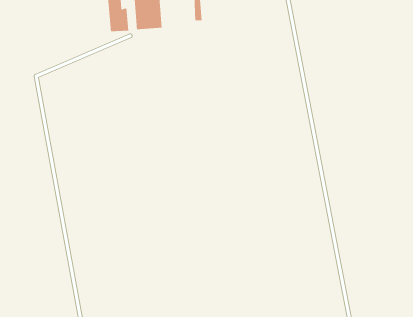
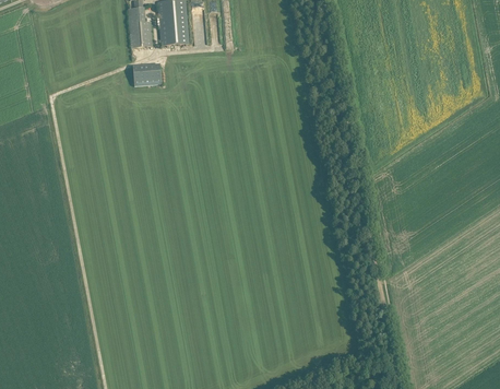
building: none -> [132,63,160,86]

